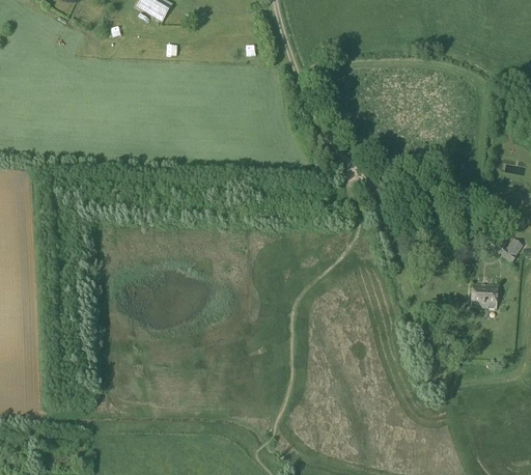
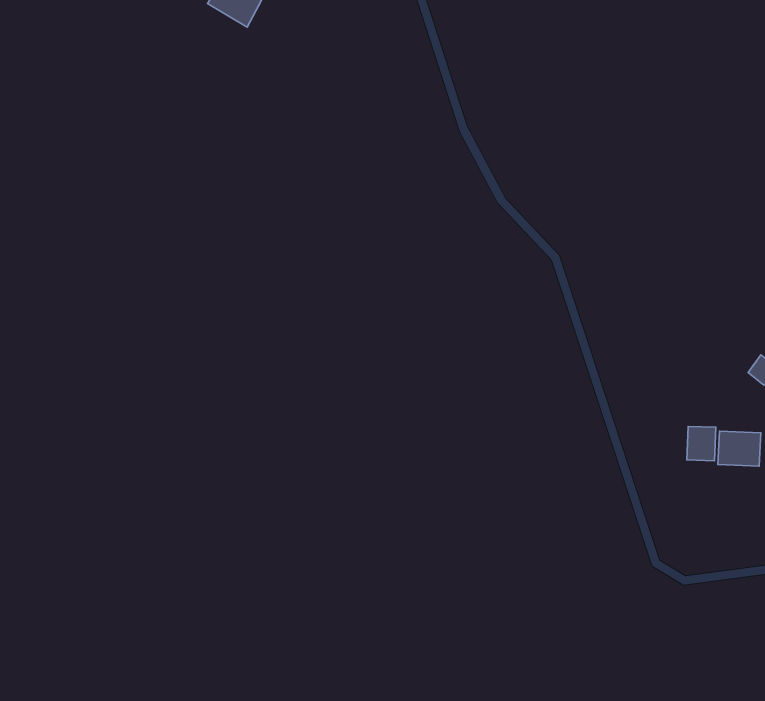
building: none -> [687,426,716,461]

